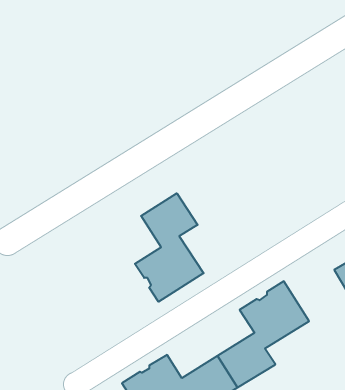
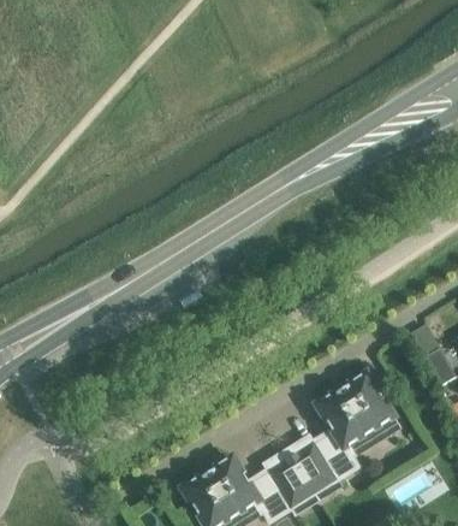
building: [135,193,204,302] -> none

